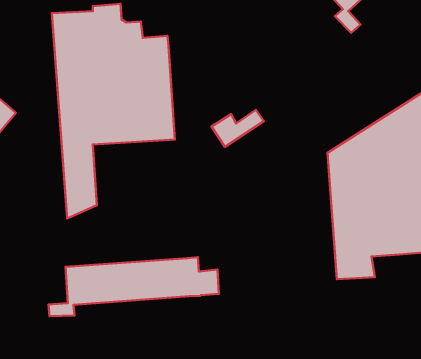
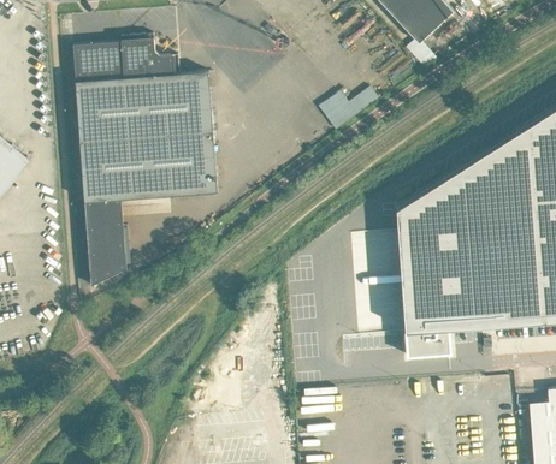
building: [212,110,264,147] -> [318,85,379,129]
building: [48,257,219,316] -> none

